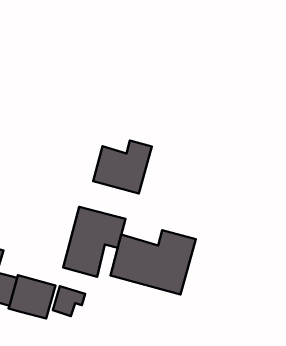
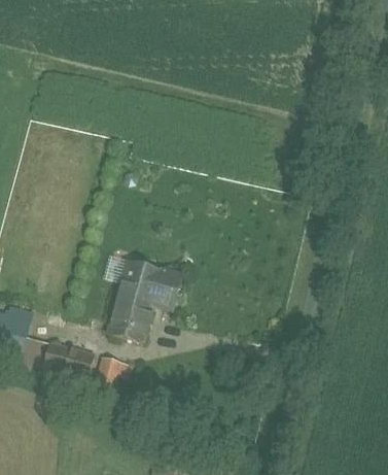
building: [93,141,152,193] -> none
building: [111,230,196,294] -> none

